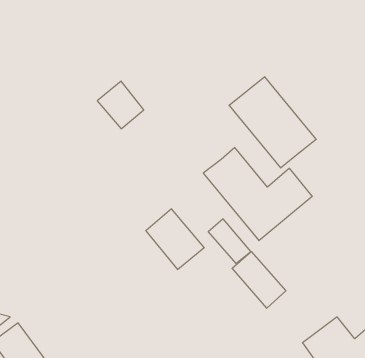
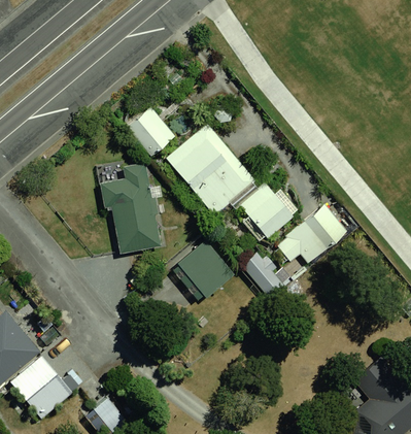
building: [229,77,316,168] -> [166,124,256,219]
building: none -> [93,162,163,258]
building: [232,252,286,308] -> none

